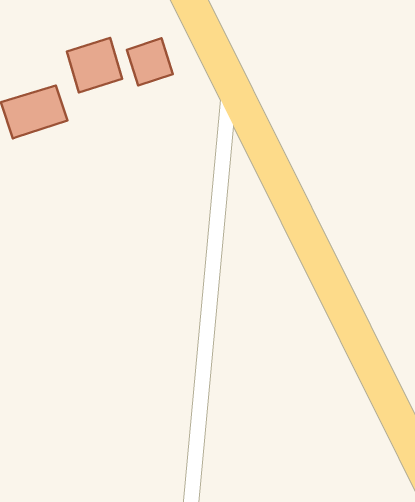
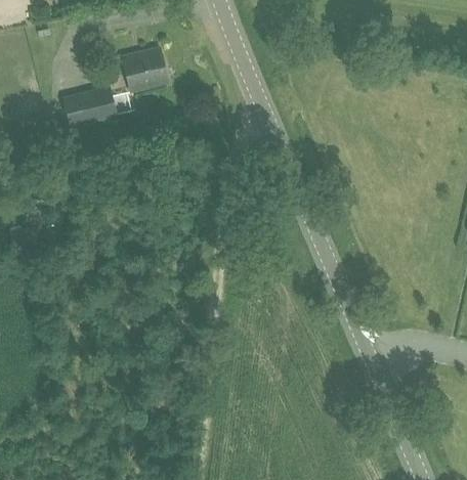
building: [127,38,173,85] -> none

